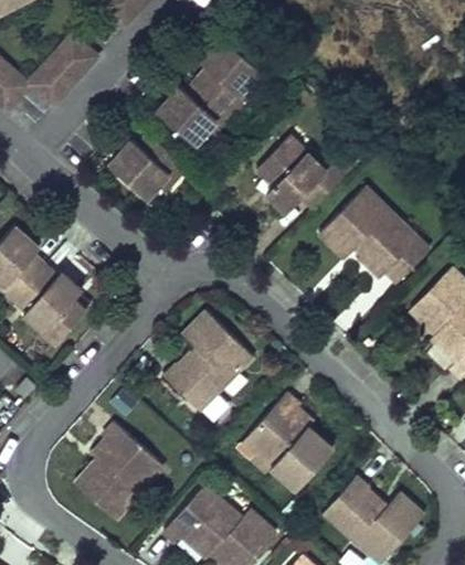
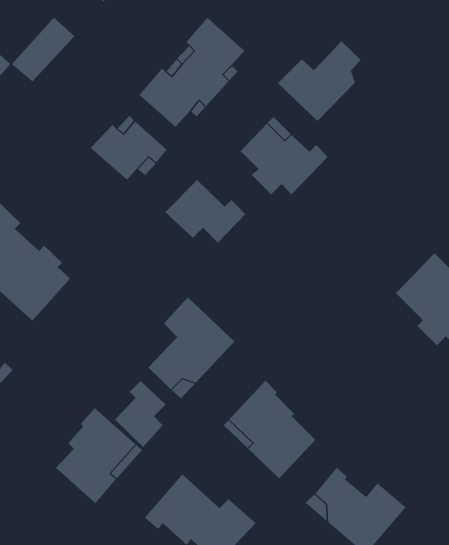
building: none -> [277,40,362,122]
building: [319,191,426,282] -> none
building: none -> [164,179,246,244]
building: none -> [114,380,167,448]

